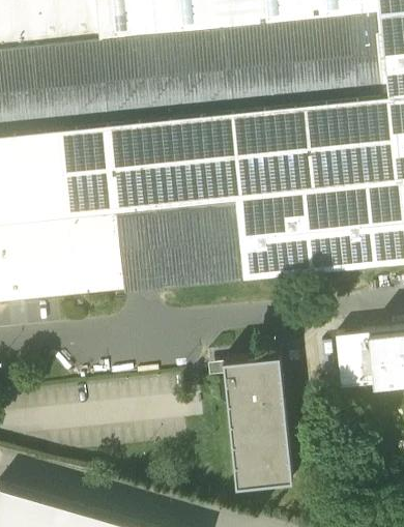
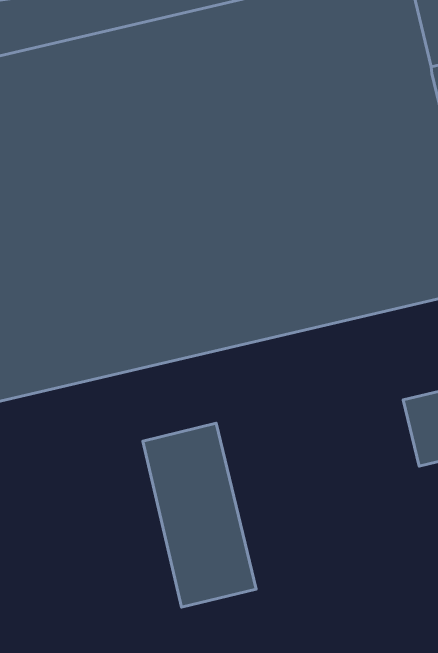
building: [224,354,293,487] -> [143,423,256,607]

